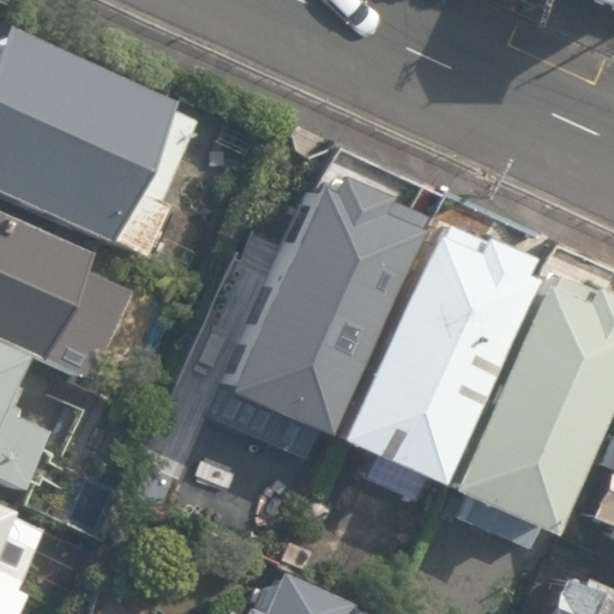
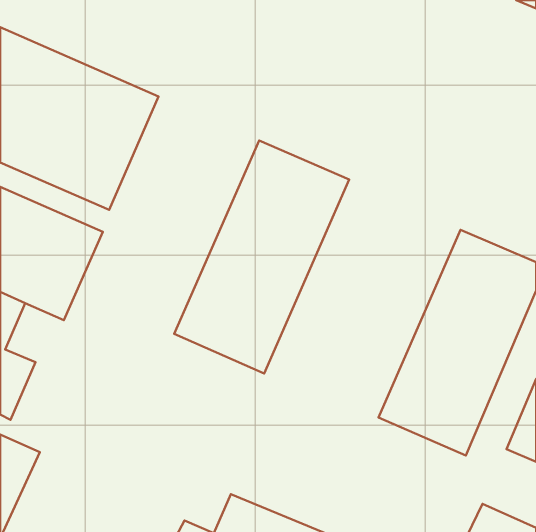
building: [320,216,519,481] -> none

